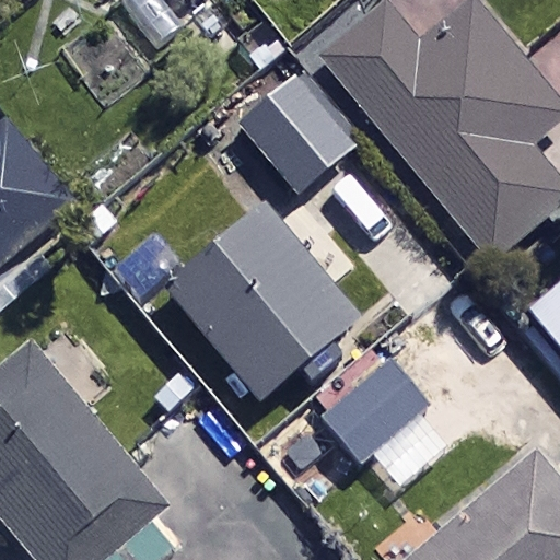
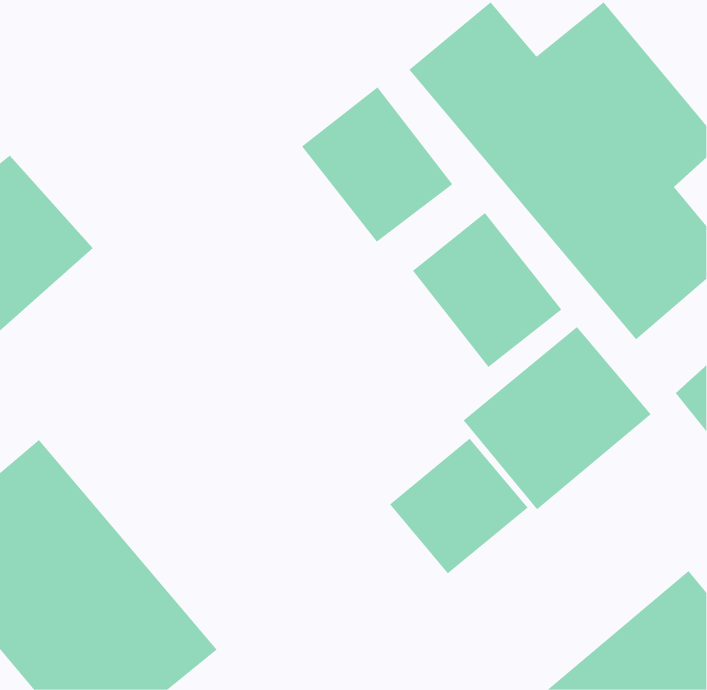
building: none -> [412,212,562,368]
building: [170,206,361,400] -> none
building: none -> [463,326,651,510]

